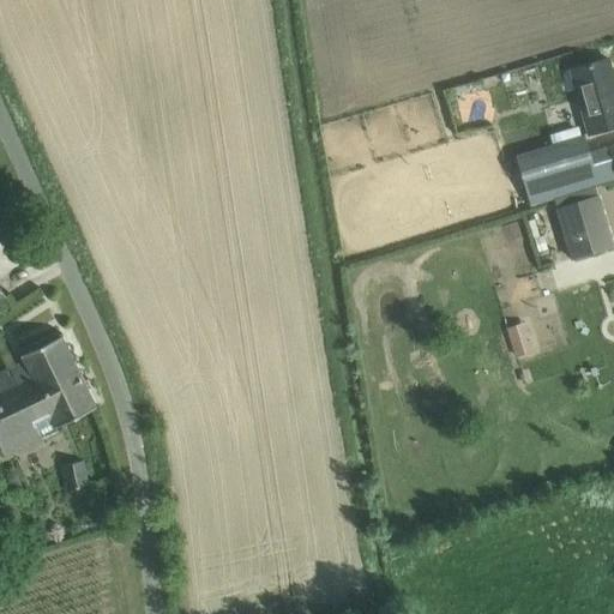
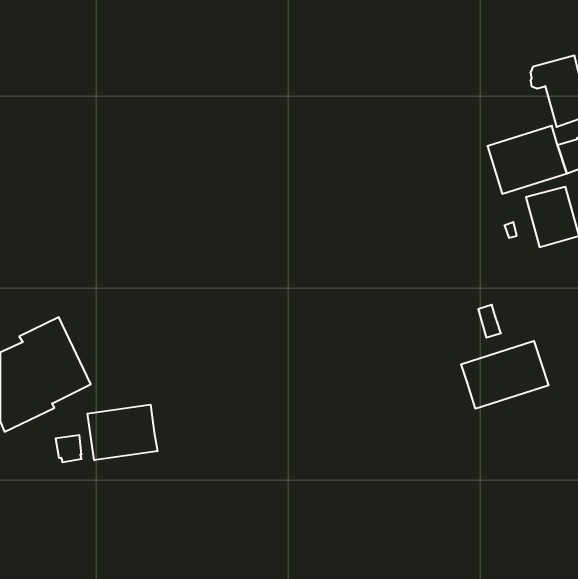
building: none -> [461,341,548,409]
building: none -> [87,405,157,460]

